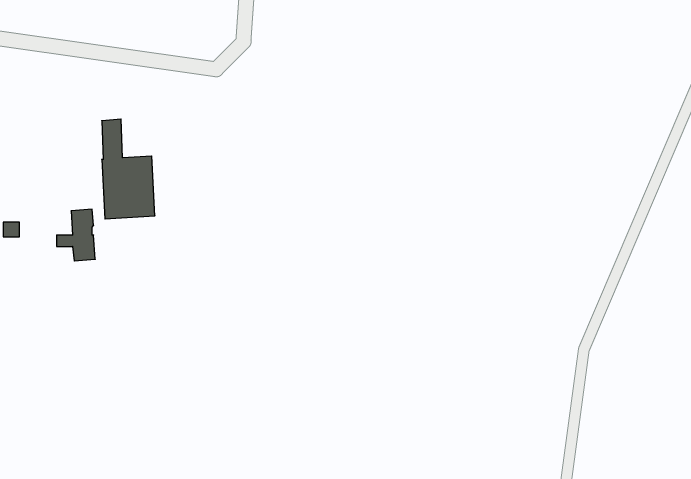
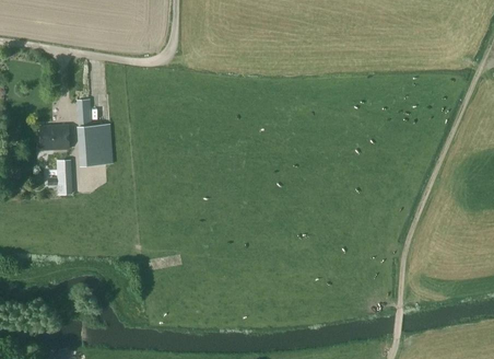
building: none -> [42,126,69,150]

